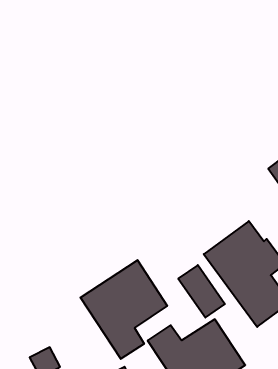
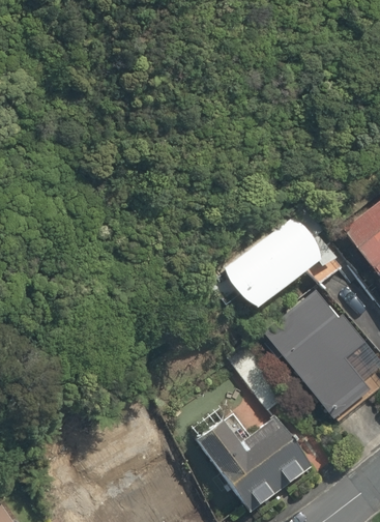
building: none -> [228,226,321,308]
building: [80,260,167,359] -> none

